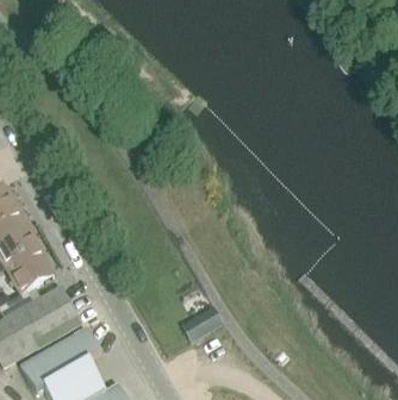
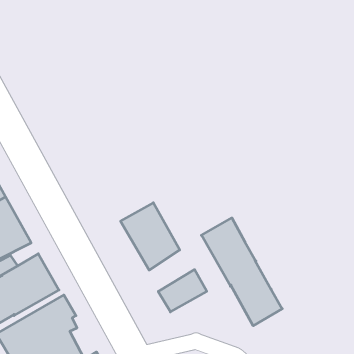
building: none -> [121,203,180,270]
building: none -> [201,218,282,326]

